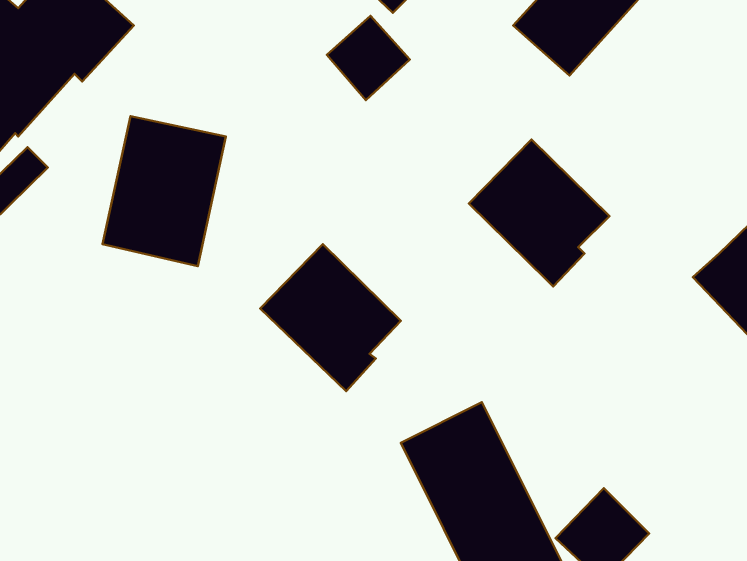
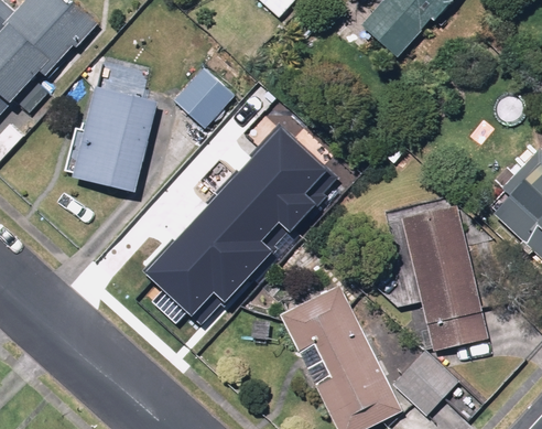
building: [327,16,410,100] -> [172,67,230,127]
building: [469,139,609,286] -> [228,132,327,236]
building: none -> [402,205,487,351]
building: none -> [139,223,245,324]

